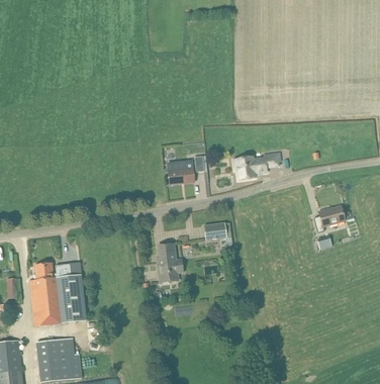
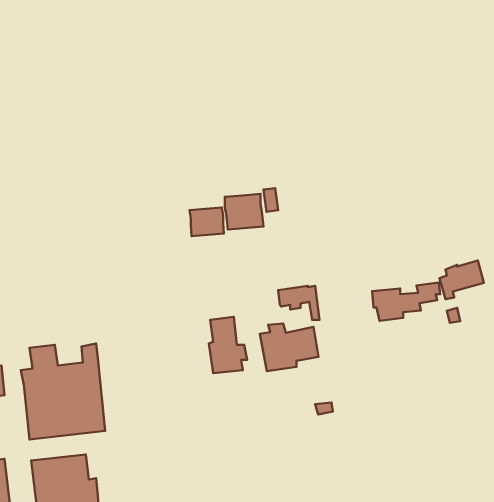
building: [233,152,280,178] -> [372,282,440,321]
building: none -> [189,208,224,236]
building: none -> [260,324,319,371]

